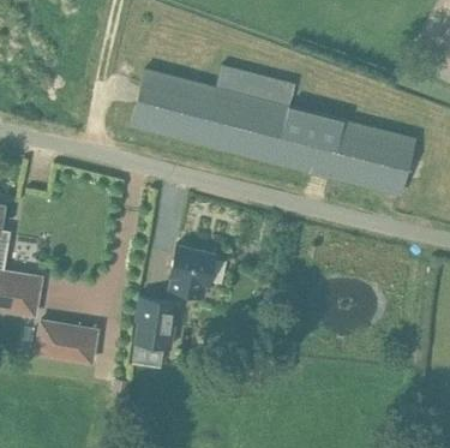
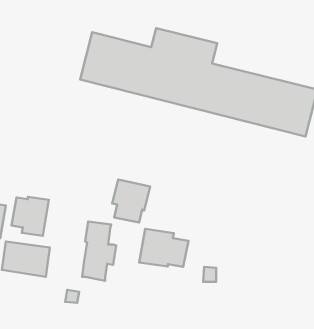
building: none -> [12,197,49,236]
building: none -> [139,229,188,267]

